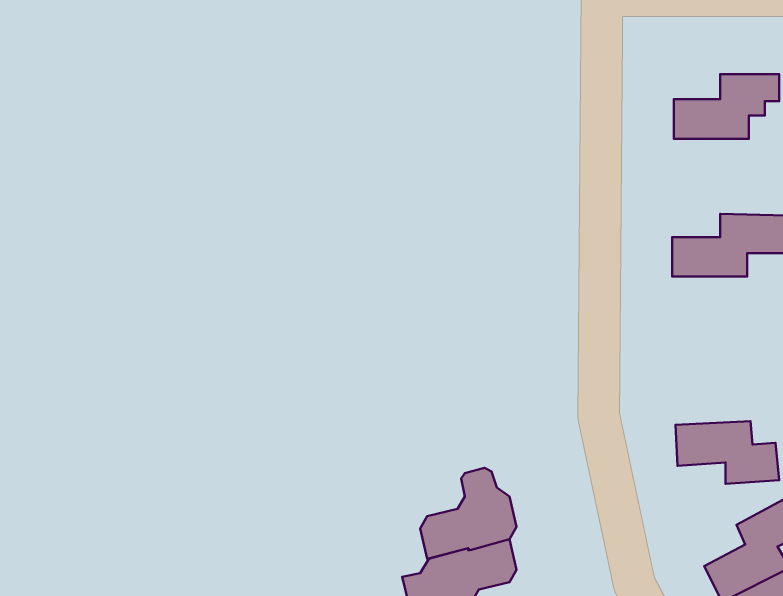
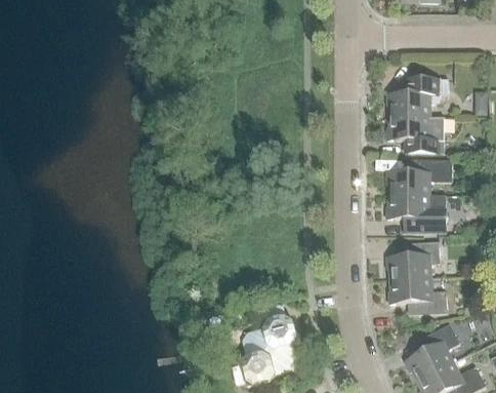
building: none -> [387,115,444,152]
building: none -> [386,194,446,231]
building: none -> [386,240,440,279]

